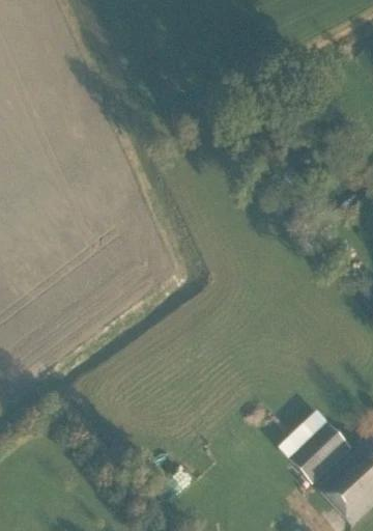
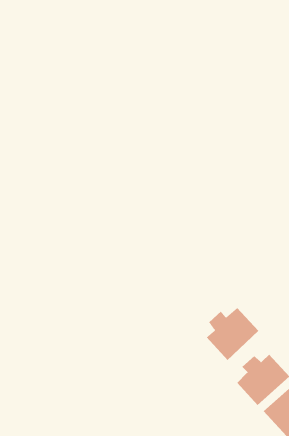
building: none -> [206,307,259,361]

